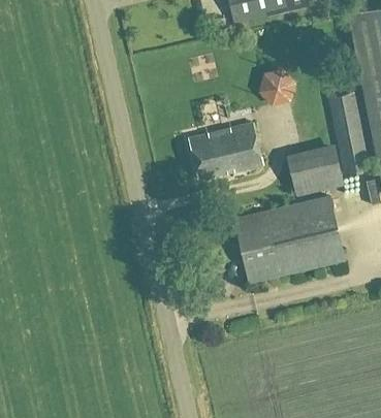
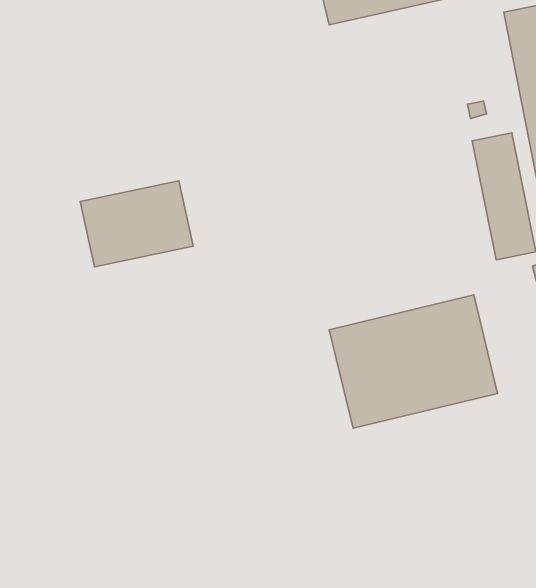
building: [264,61,299,101] -> none
building: [189,123,262,179] -> [80,181,193,267]
building: [286,143,344,195] -> none

